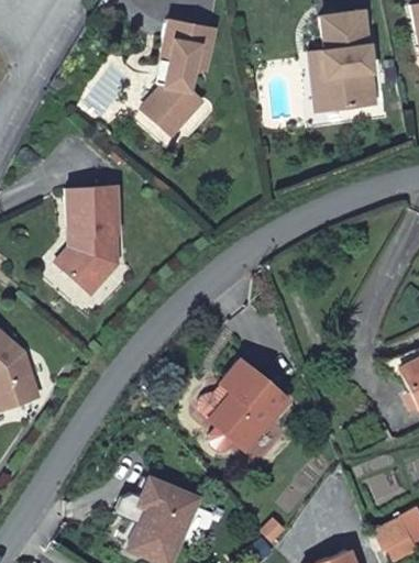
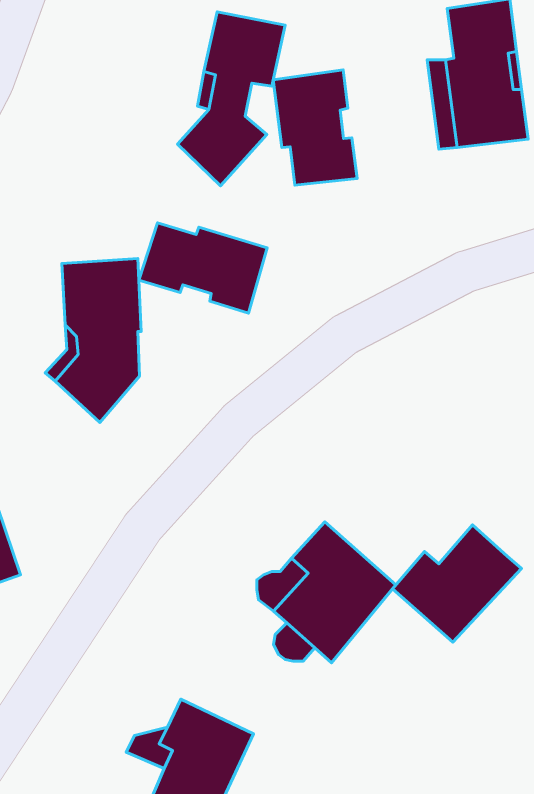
building: none -> [273,70,357,185]
building: none -> [139,223,267,313]
building: none -> [393,525,522,642]

